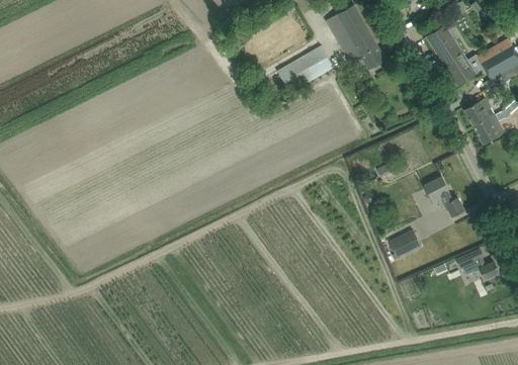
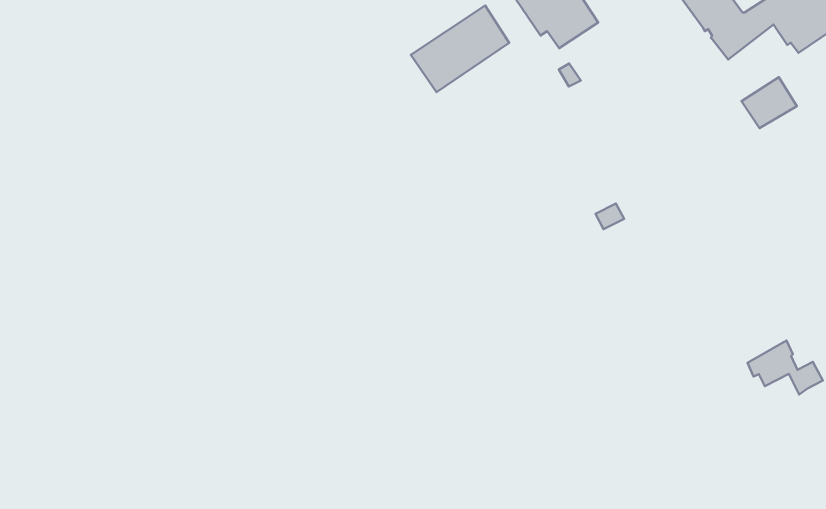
building: [472,115,504,145] -> none
building: [423,176,464,217] -> none
building: [388,230,421,259] -> none

